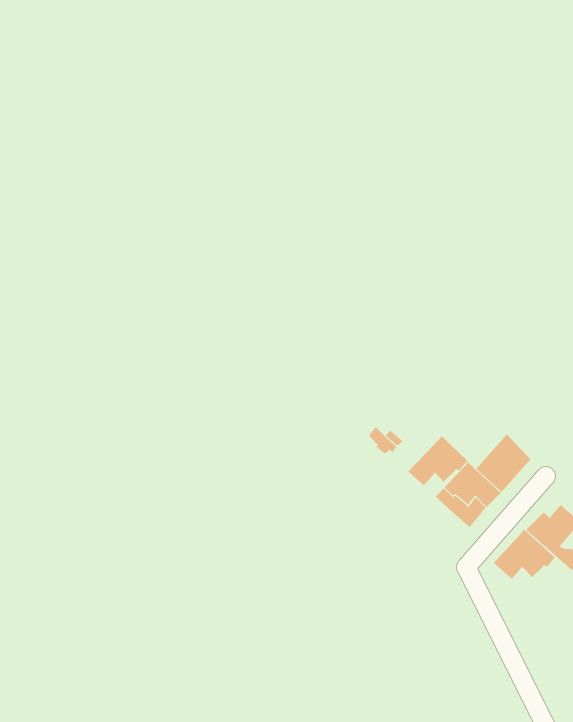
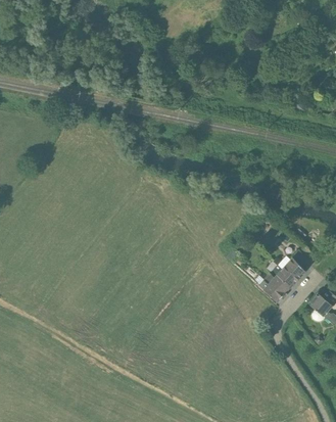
building: [408,436,468,486] -> none
building: [493,529,556,580] -> none

